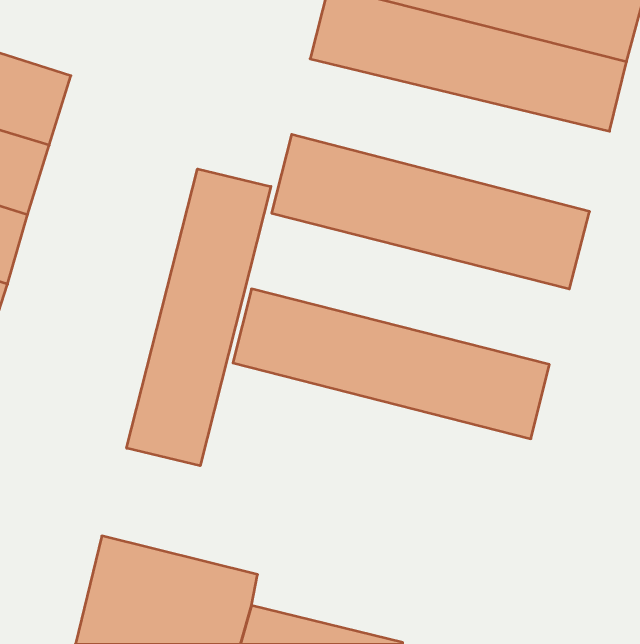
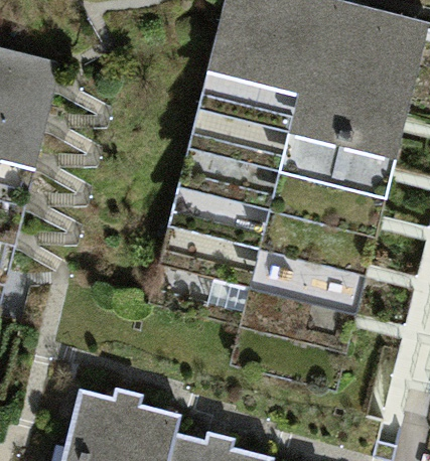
building: none -> [195,73,403,173]
building: [127,169,271,466] -> none
building: none -> [169,174,377,273]

